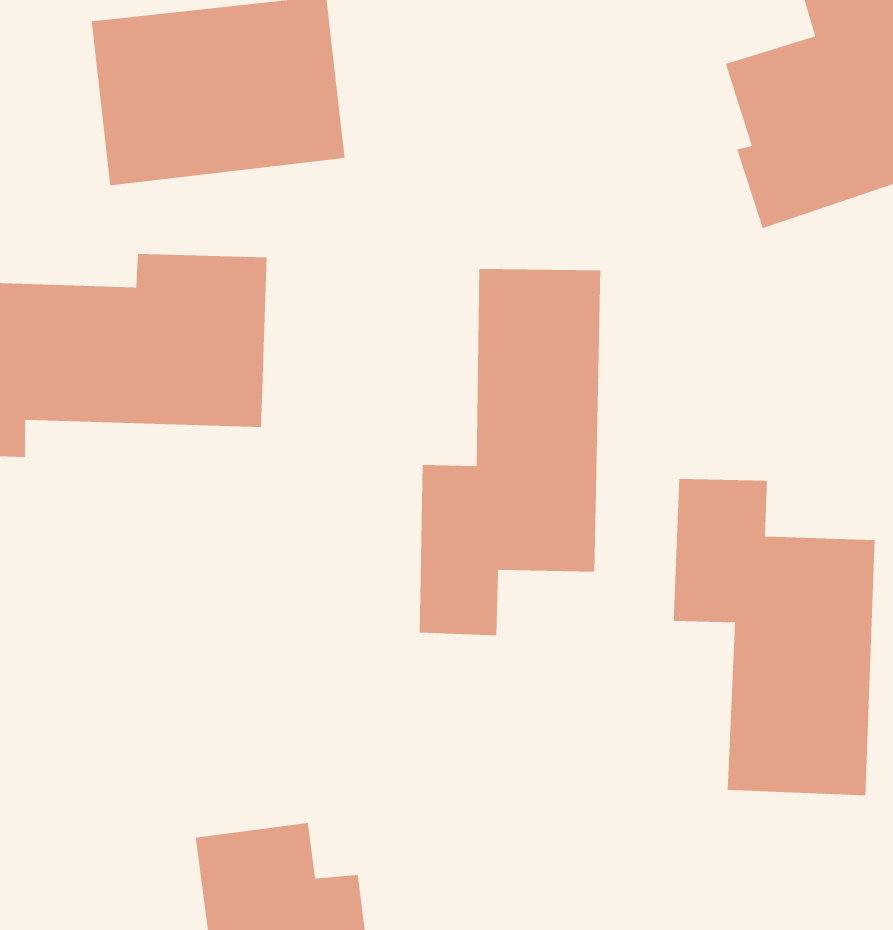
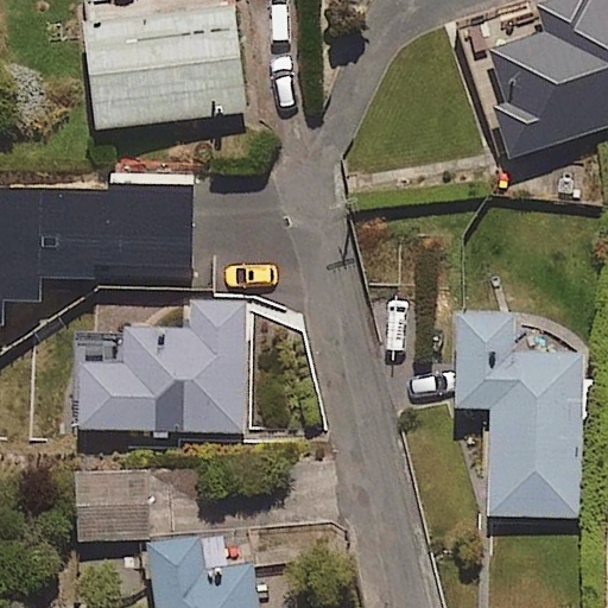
building: [419,268,601,636] -> none
building: none -> [81,299,246,431]
building: none -> [75,473,150,540]

